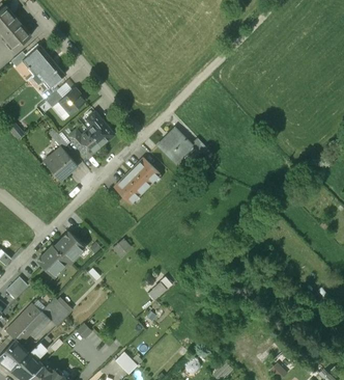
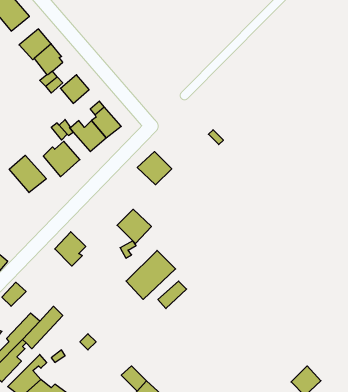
building: [157,128,192,164] -> none
building: none -> [9,155,46,193]
building: [114,173,145,205] -> [117,209,151,244]
building: [36,245,68,274] -> none
building: none -> [126,250,176,299]

